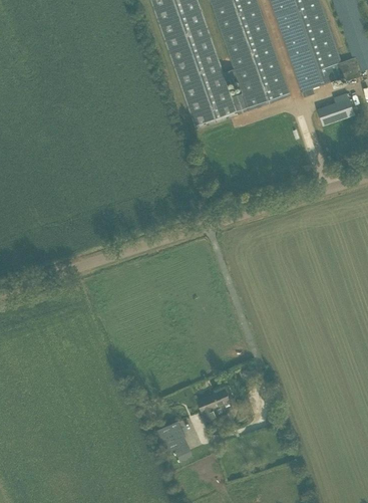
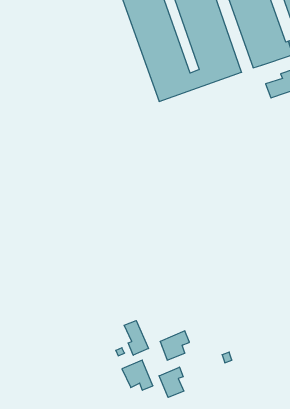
building: none -> [124,321,148,355]
building: none -> [159,367,184,397]

